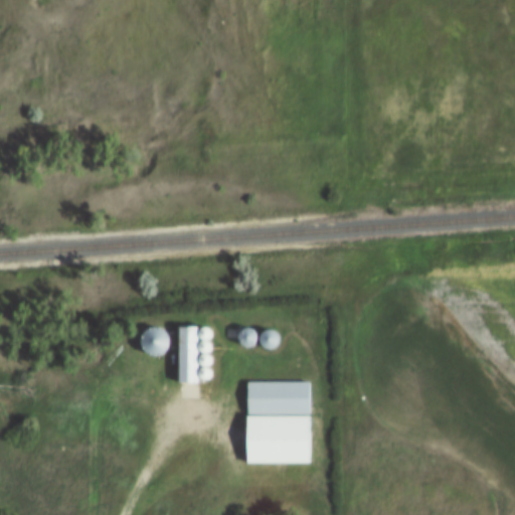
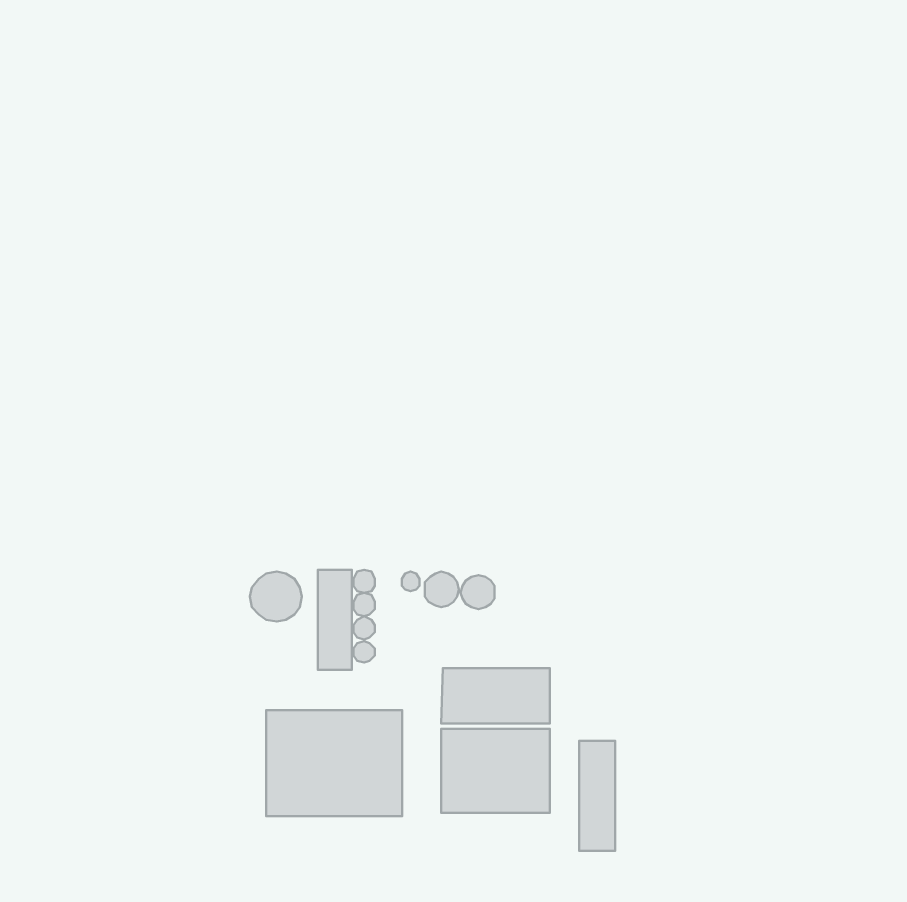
building: none -> [266,710,402,816]
building: none -> [579,741,615,851]

